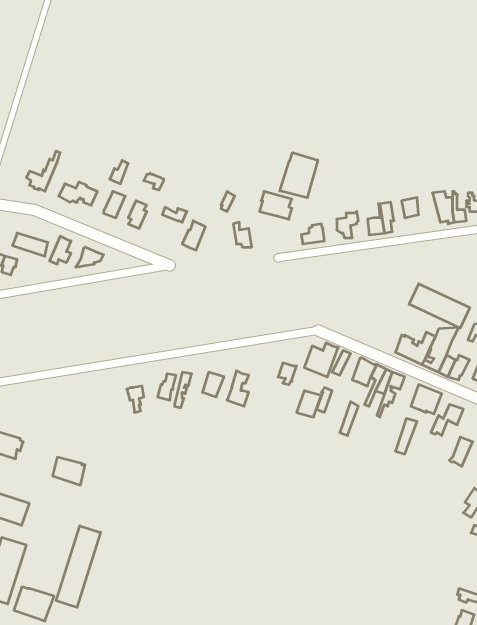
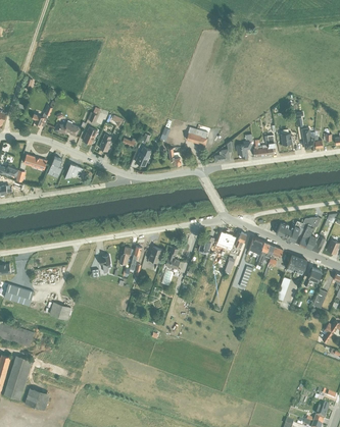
building: [280,153,318,198] -> none
building: [409,284,470,328] -> none
building: [56,526,101,607] -> none

